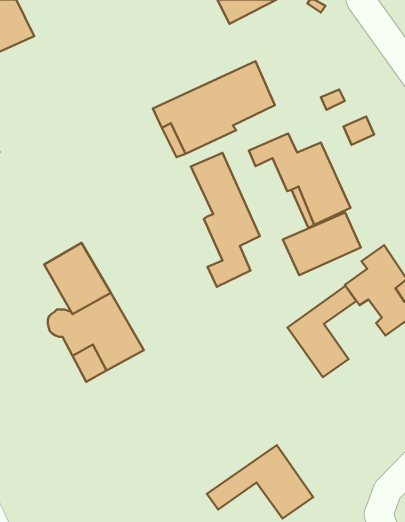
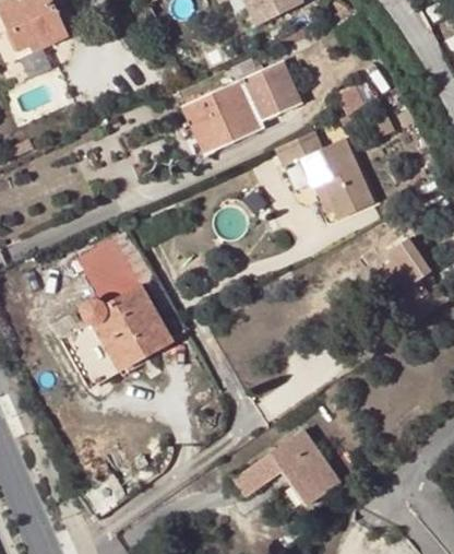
building: [191,153,260,287] -> none
building: [283,212,361,275] -> none
building: [287,286,356,377] -> none

